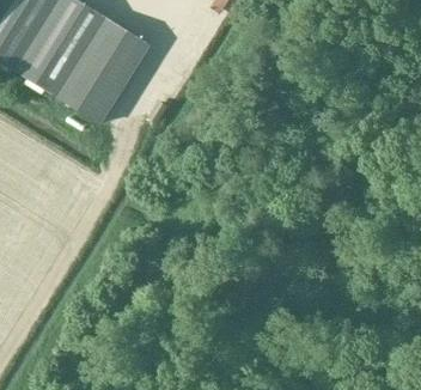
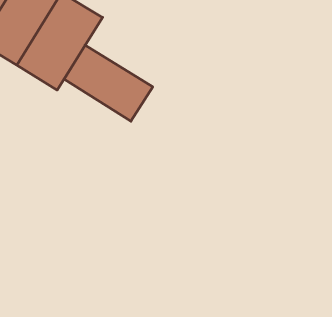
building: none -> [64,45,153,121]

